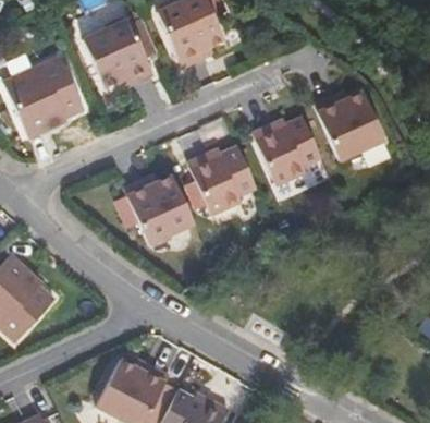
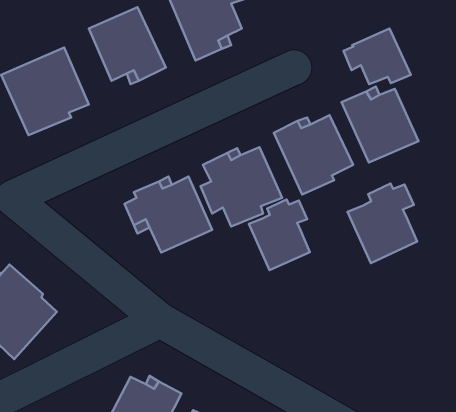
building: none -> [343,28,411,84]
building: none -> [347,183,417,263]
building: none -> [249,199,310,270]

